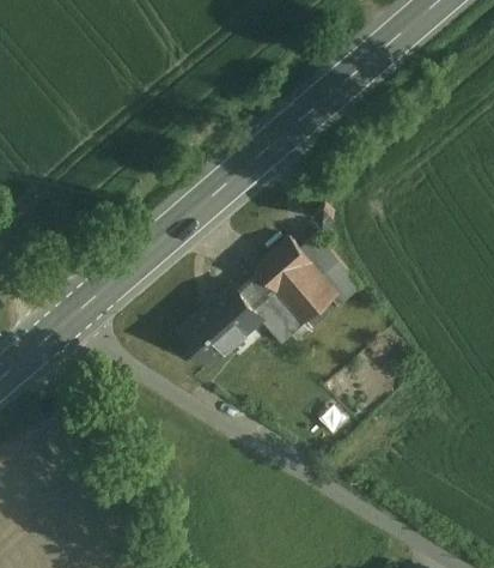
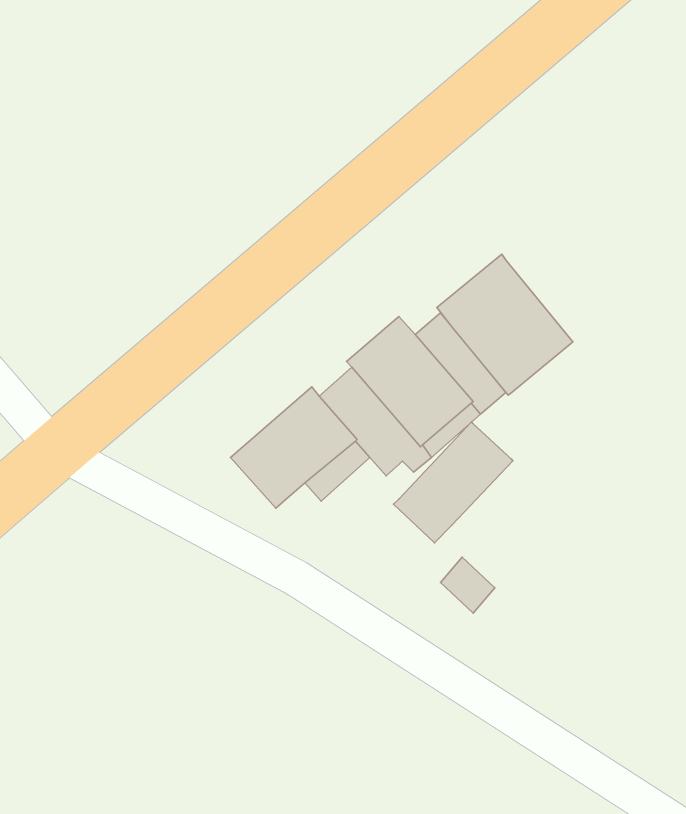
building: none -> [437,254,573,395]
building: none -> [393,422,513,543]

